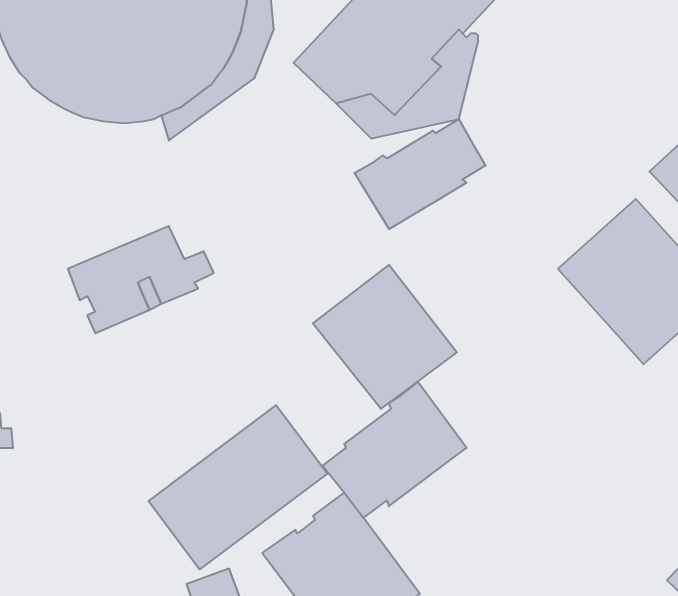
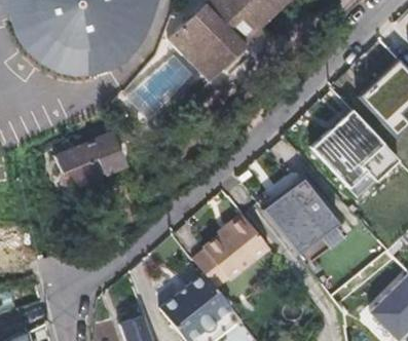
building: [354,119,486,229] -> none
building: [313,265,457,409] -> [264,180,340,256]
building: [148,405,327,569] -> none

